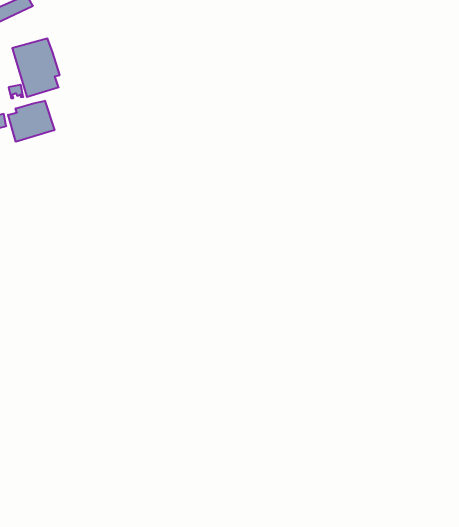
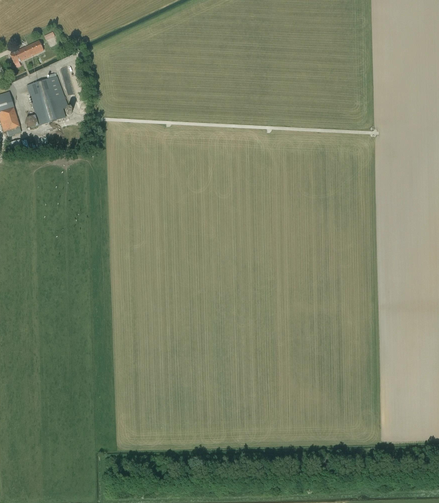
building: [8,101,54,142] -> none

